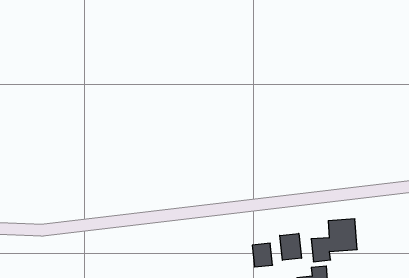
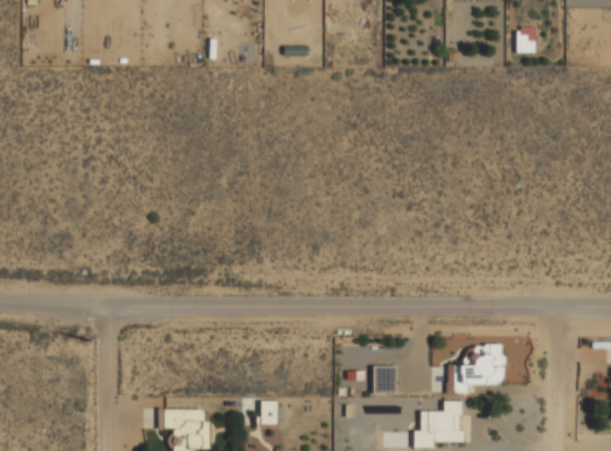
building: [280,233,301,260] -> none

